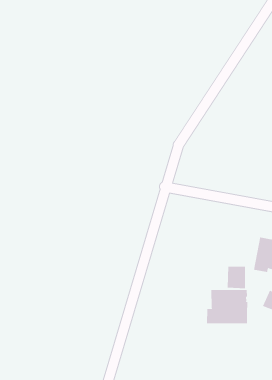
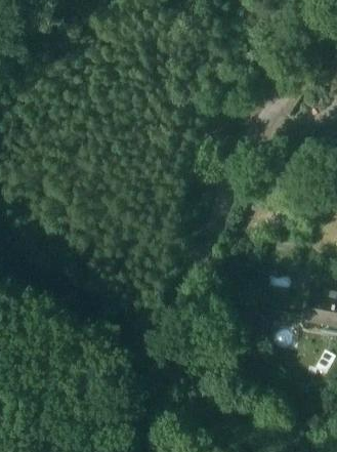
building: [207,289,248,324] -> none

